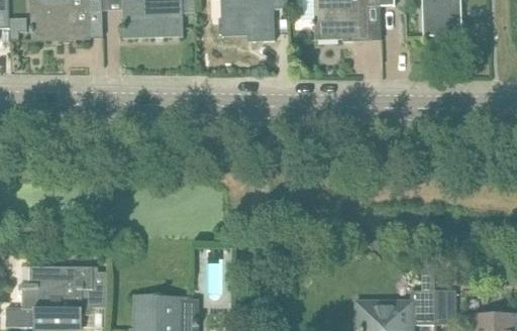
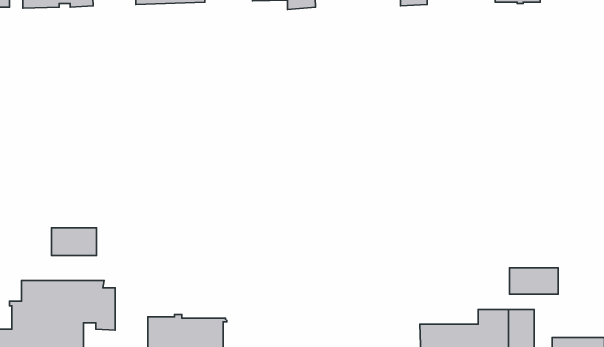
building: none -> [51,228,96,255]
building: none -> [510,268,558,294]

